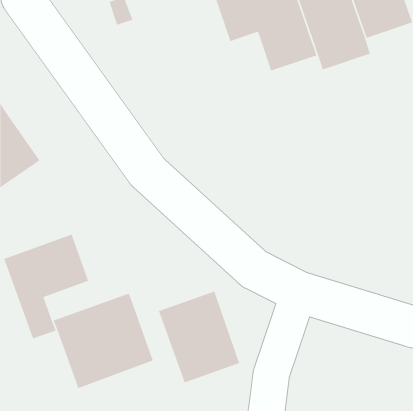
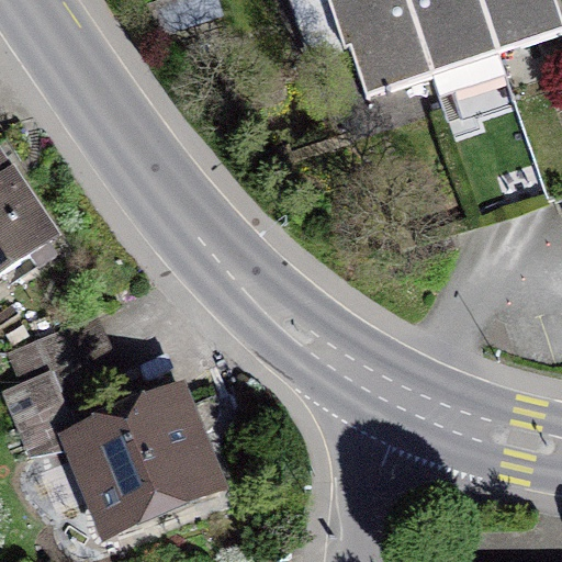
building: [158,290,240,384] -> none

